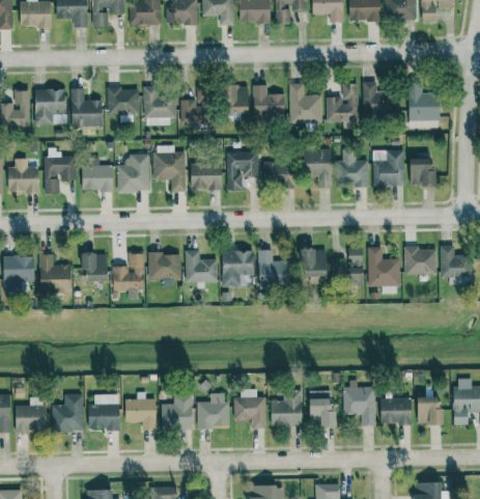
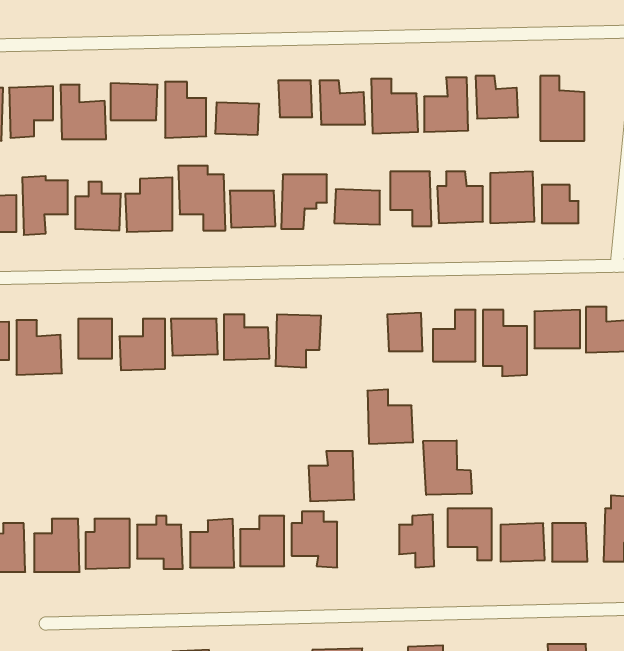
building: [258,249,290,287] -> [367,389,413,444]
building: none -> [423,440,472,495]
building: [271,390,303,425] -> [309,451,354,501]

